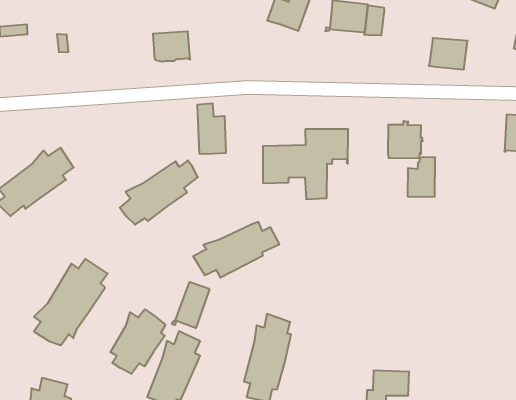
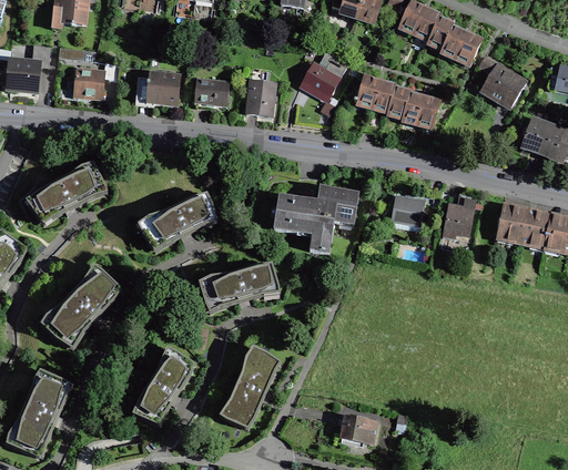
building: none -> [134,73,180,106]
building: [429,38,468,70] -> [402,92,440,125]
building: none -> [72,68,104,100]
building: [197,103,226,154] -> [246,69,275,116]
building: [408,157,435,197] -> [444,197,475,235]
building: [172,282,210,328] -> none
building: [110,309,165,374] -> none

